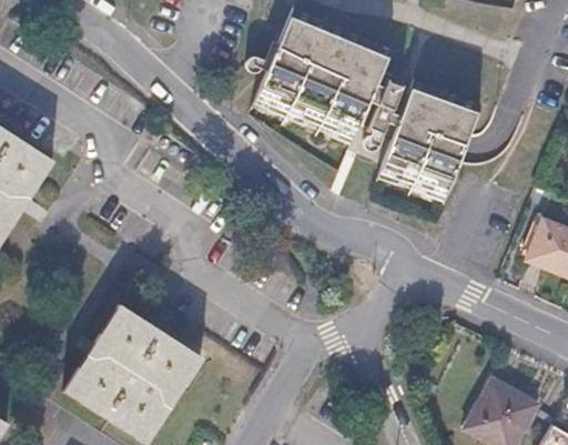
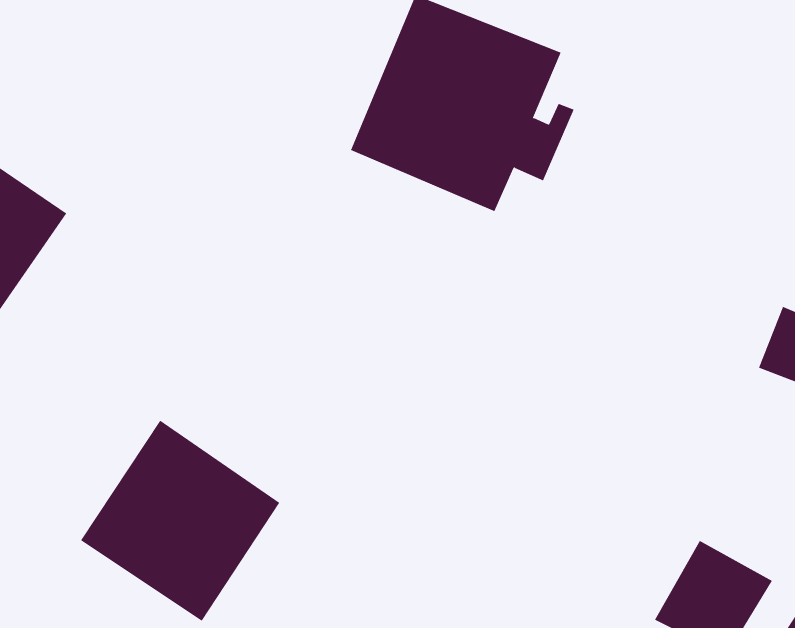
building: [375,77,483,210] -> none

